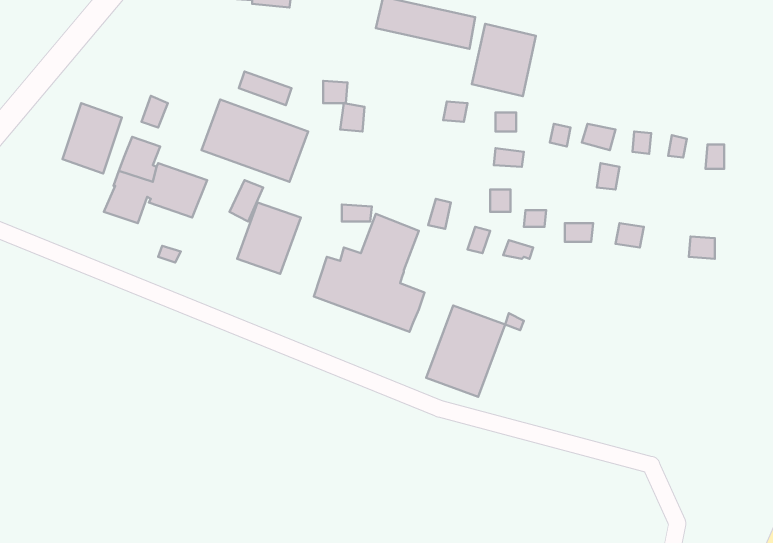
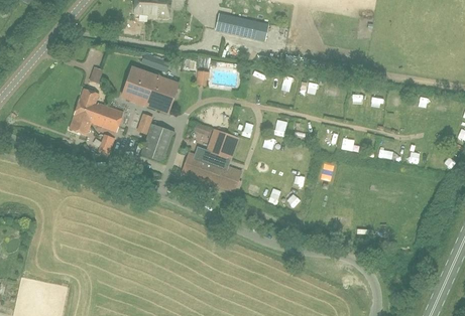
building: [472,24,536,96] -> none
building: [63,103,122,173] -> none
building: [426,306,505,397] -> none

